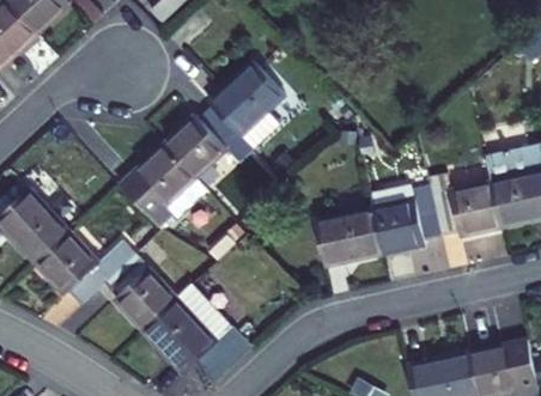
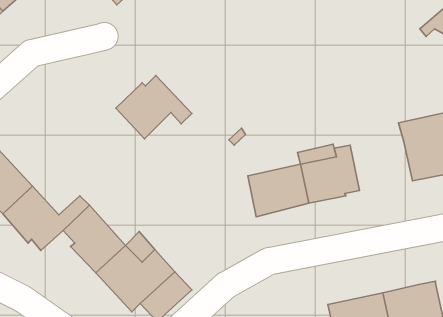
building: [208,61,284,148] -> none
building: [120,142,197,229] -> none
building: [430,173,502,236] -> none

